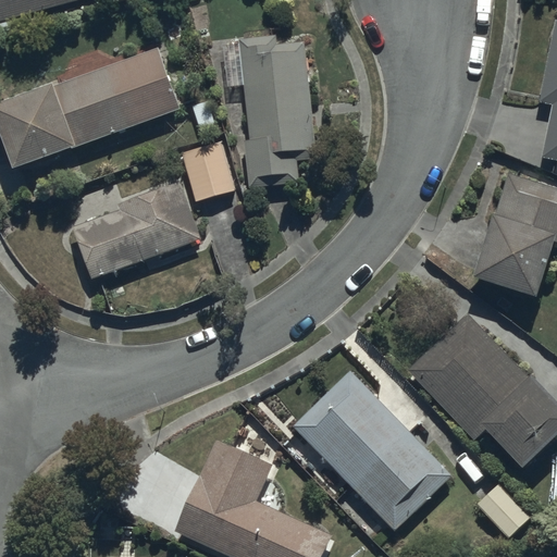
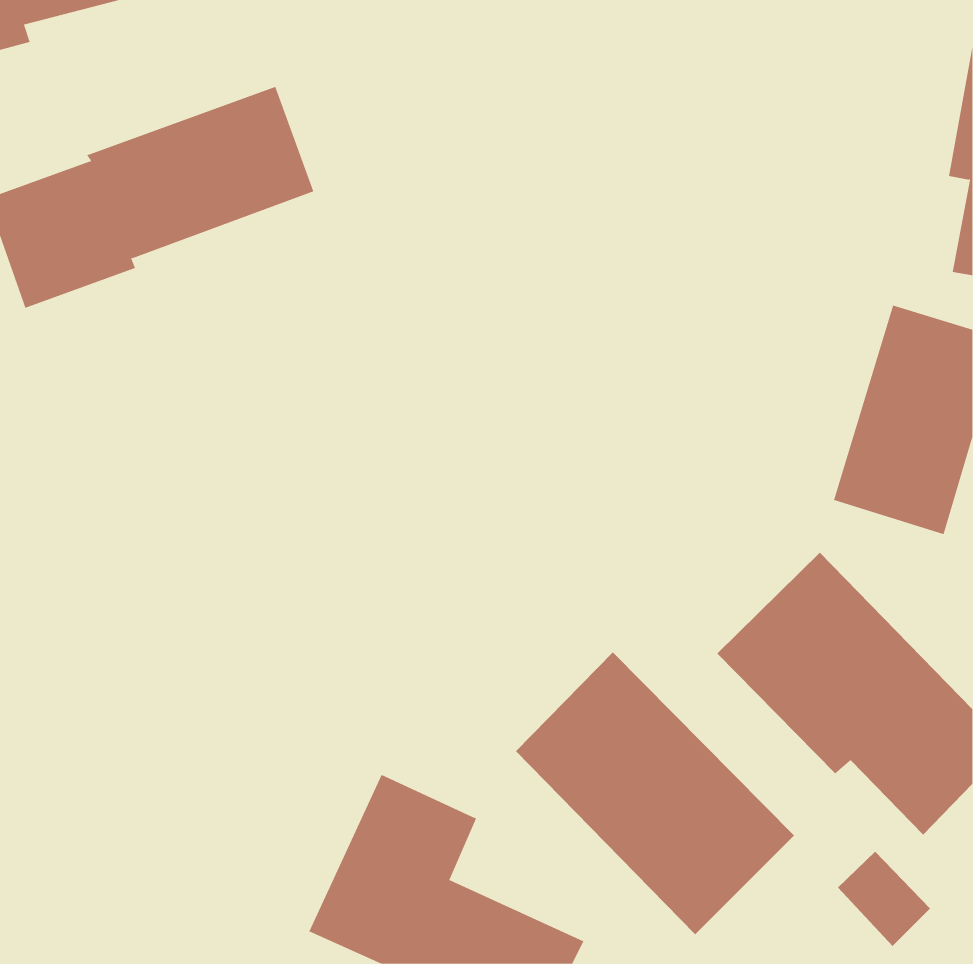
building: [226,35,314,186] -> none
building: [181,141,233,201] -> none
building: [72,182,200,277] -> none

